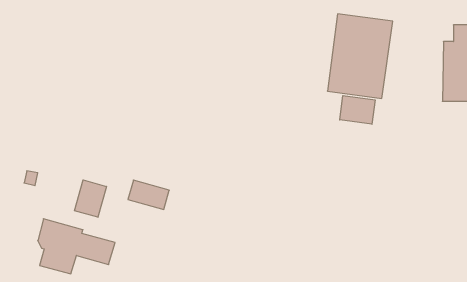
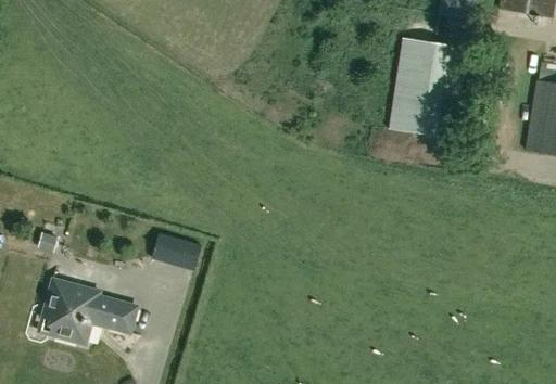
building: [340,96,375,124] -> none
building: [74,180,106,217] -> none

